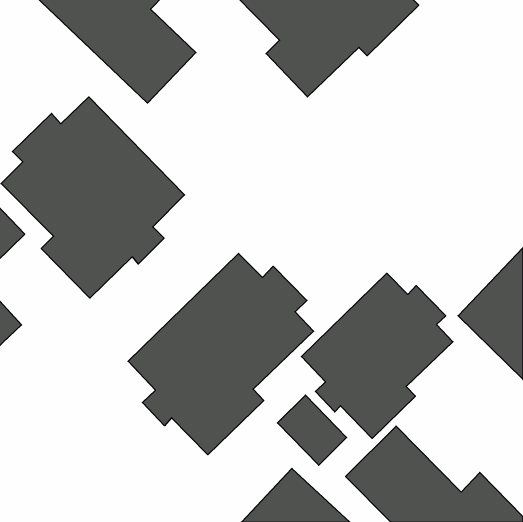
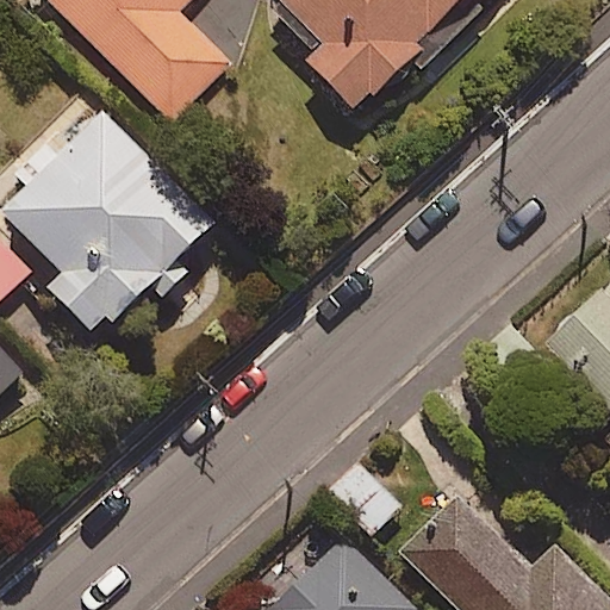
building: [128,253,314,455] -> none
building: [301,273,453,438] -> none

